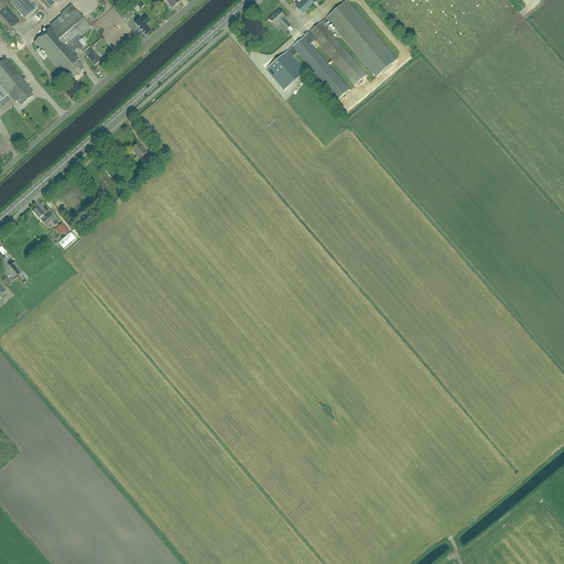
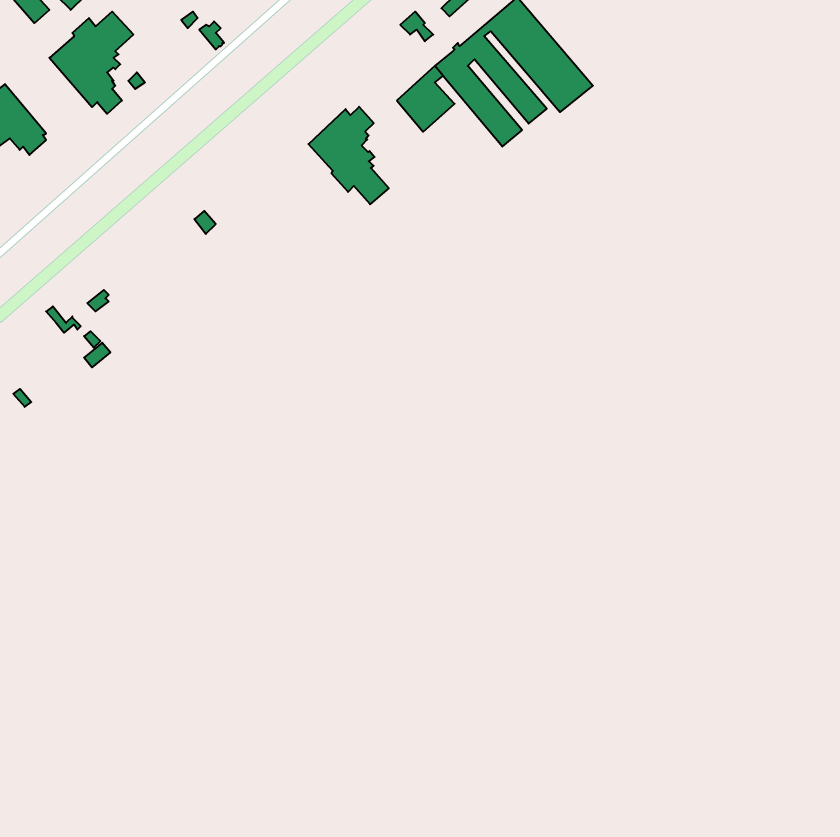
building: none -> [308,107,389,204]

